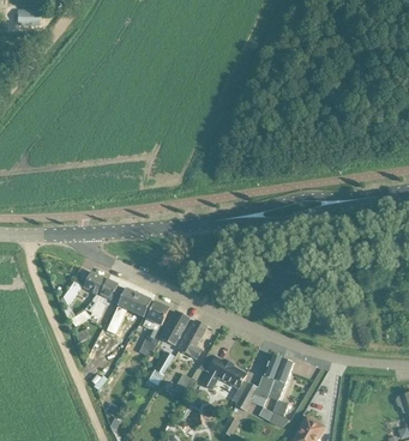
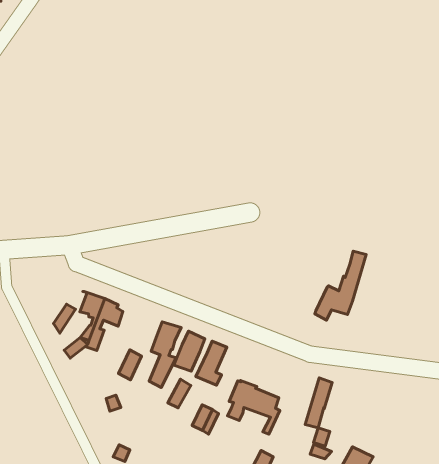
building: [108,288,152,330] -> none
building: [235,354,282,410] -> [315,251,366,320]

